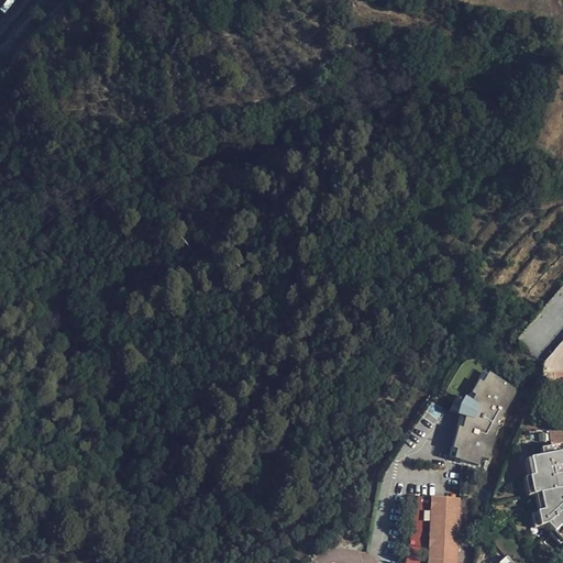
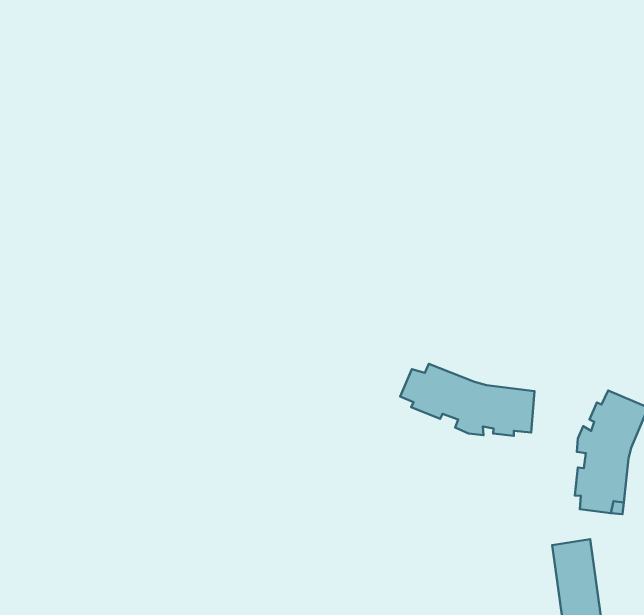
building: none -> [400,364,534,436]

